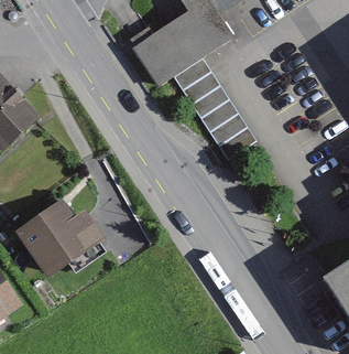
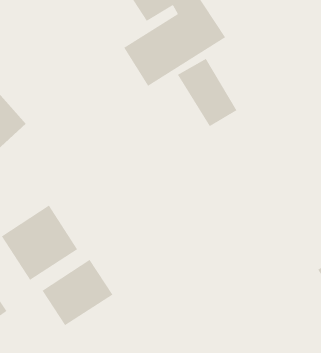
building: none -> [42,259,113,326]

